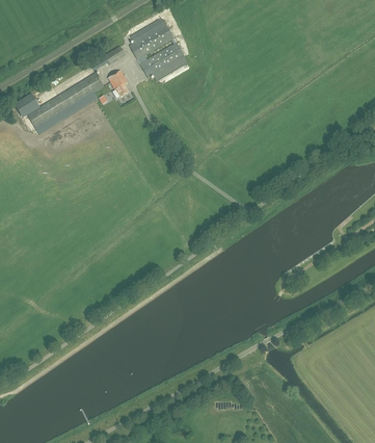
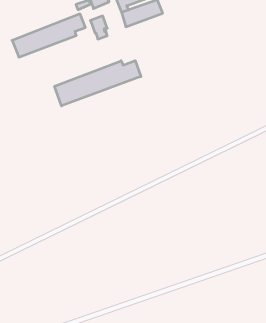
building: none -> [55,61,141,106]

